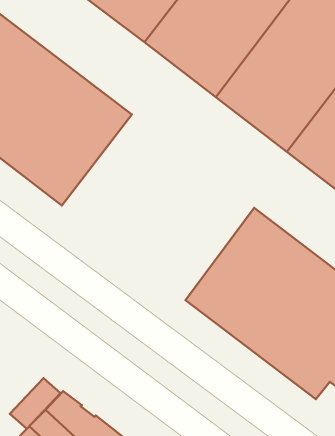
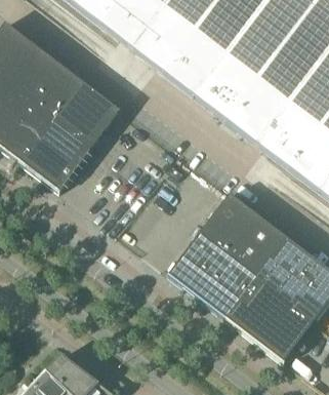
building: [10,378,60,429] -> none

